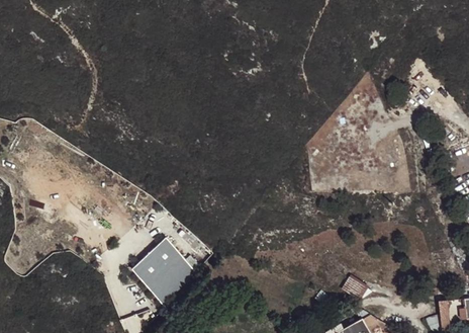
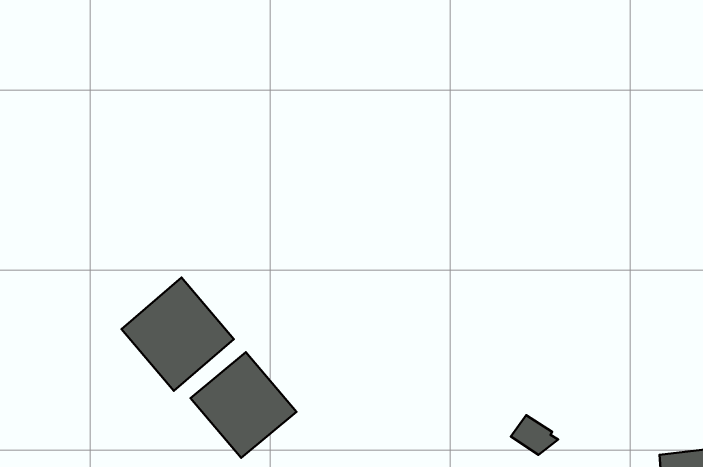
building: none -> [121,277,234,391]

